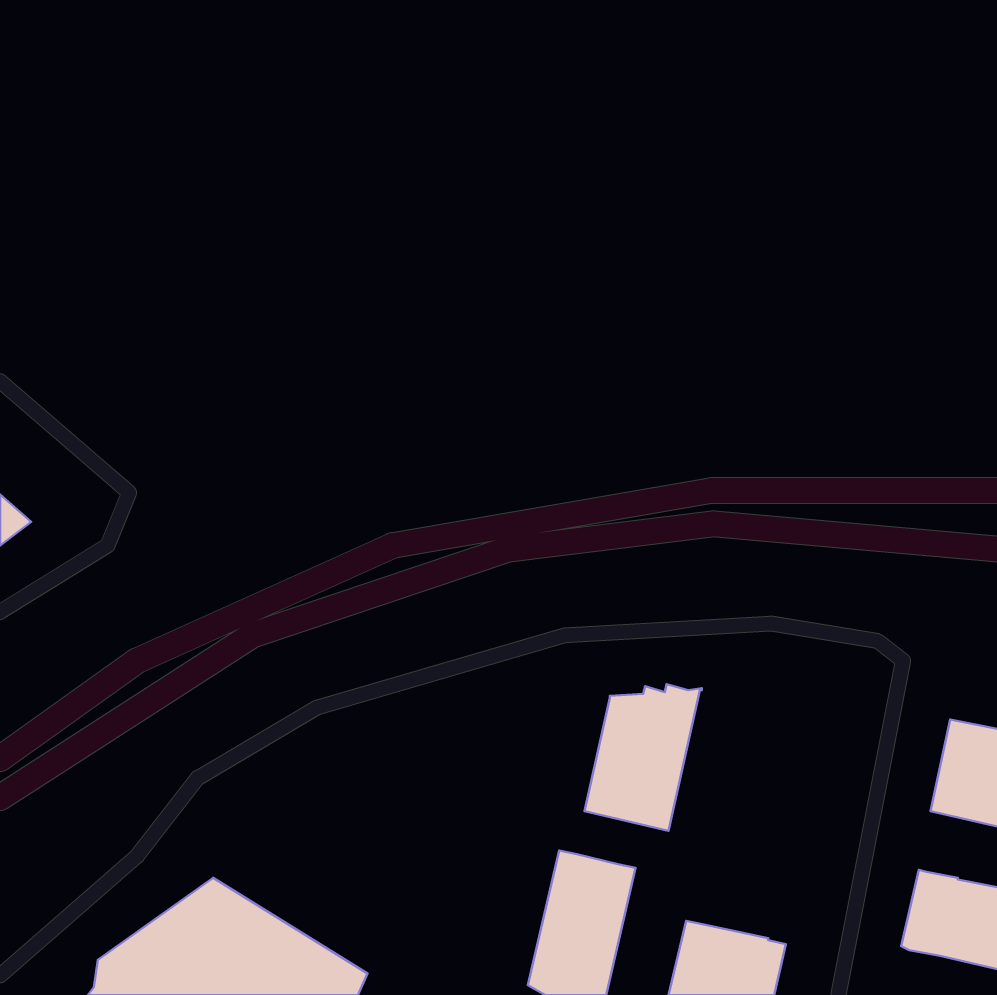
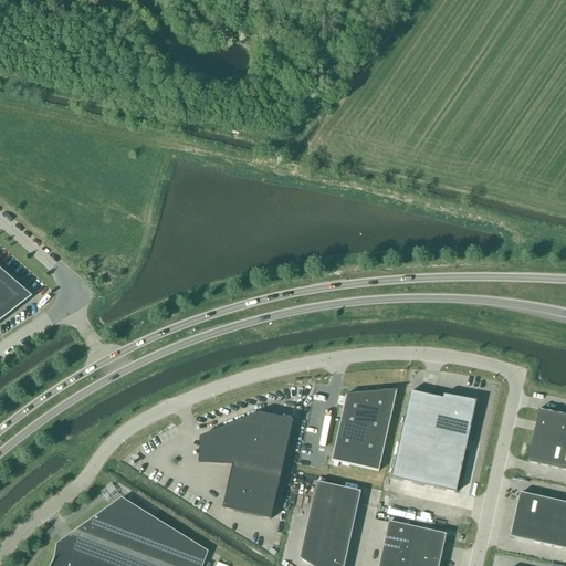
building: none -> [391,390,475,491]
building: none -> [202,413,293,517]

